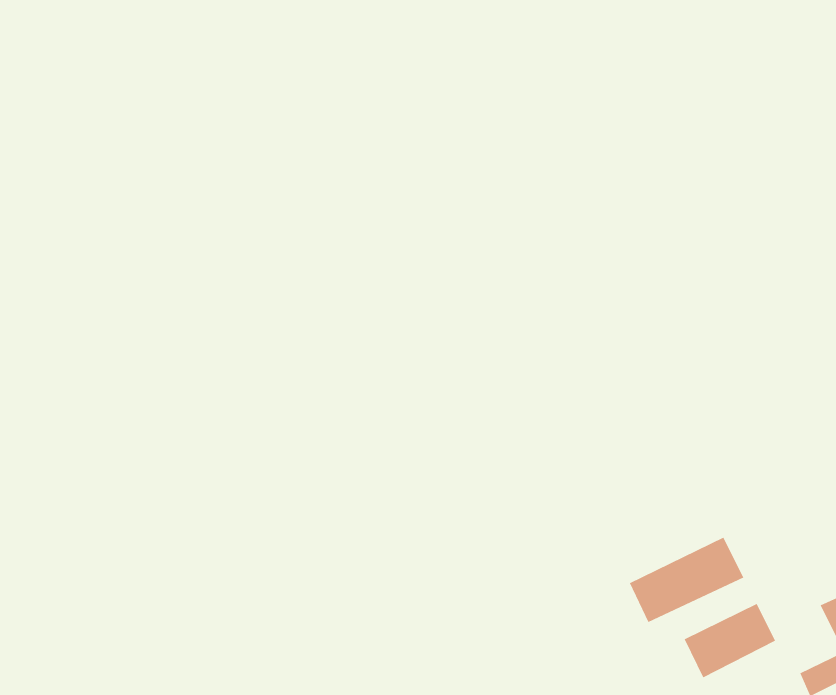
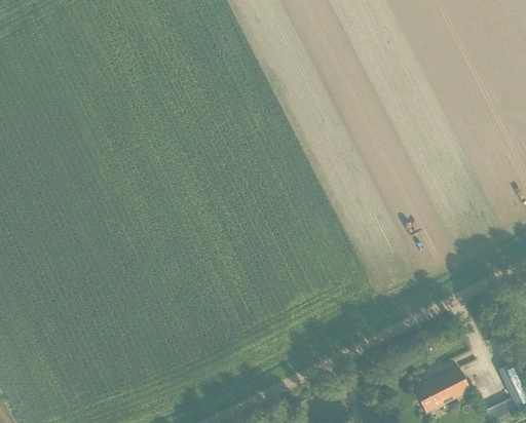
building: [629,537,744,623] -> none

